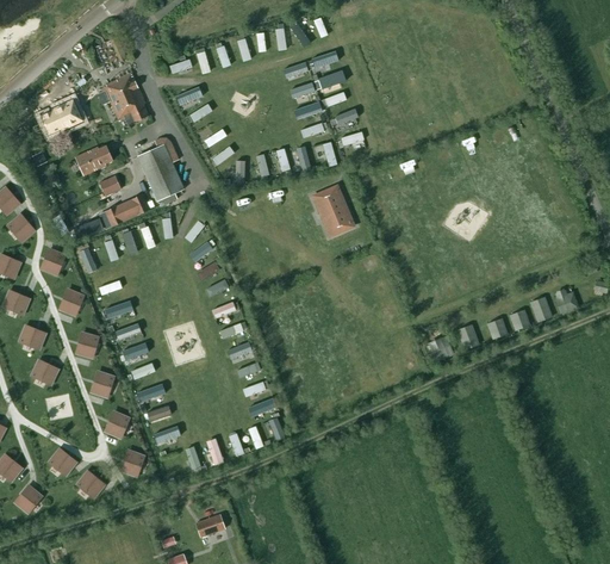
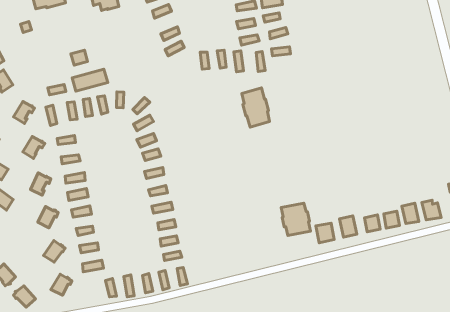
building: [137,144,183,206] -> none
building: [75,145,114,175] -> none
building: none -> [281,203,311,235]

